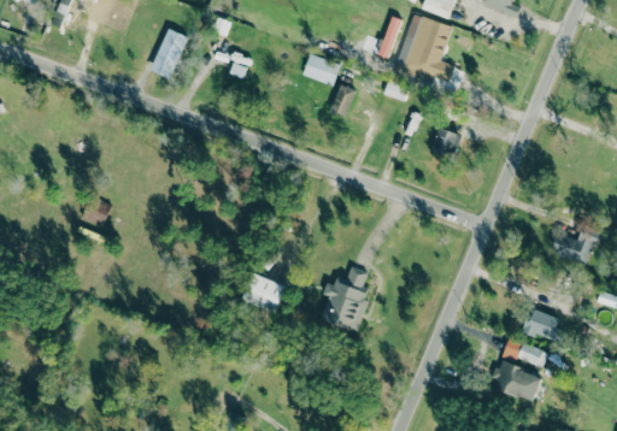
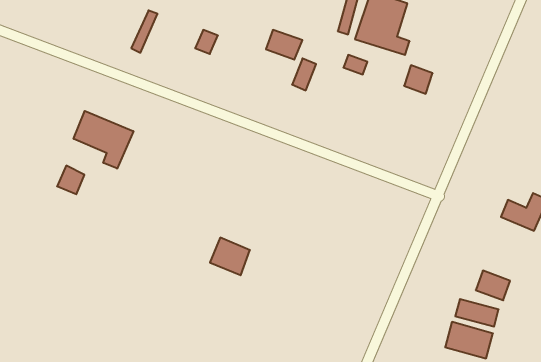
building: [431,128,462,158] -> [404,65,433,94]
building: none -> [74,111,133,169]
building: [321,267,371,333] -> none

